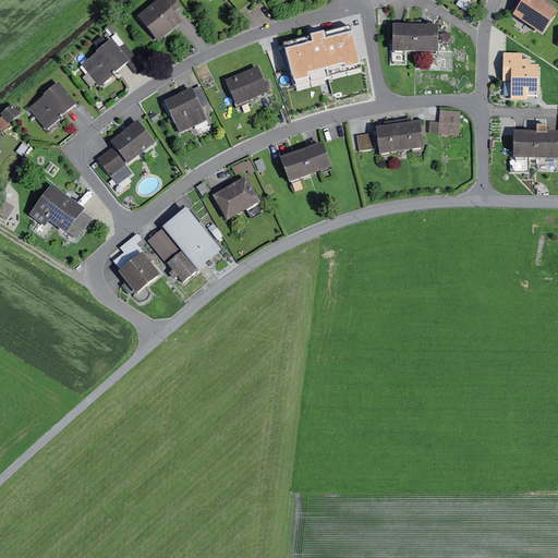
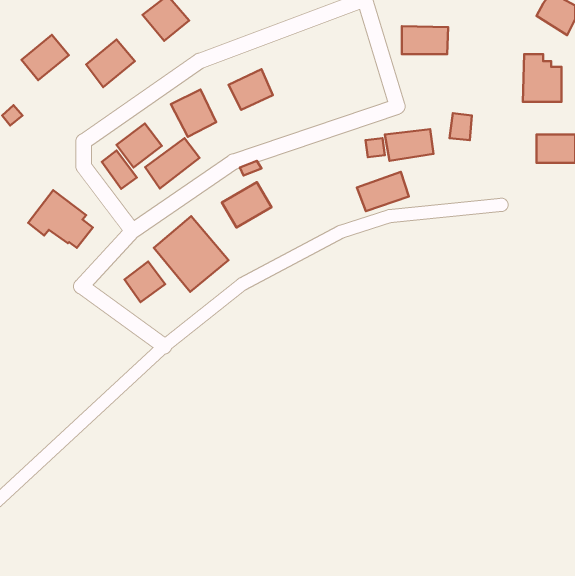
building: [280,23,359,83] -> none
building: [29,83,75,126] -> [21,35,69,80]
building: none -> [145,138,200,189]
building: [275,144,325,182] -> [357,172,409,211]

